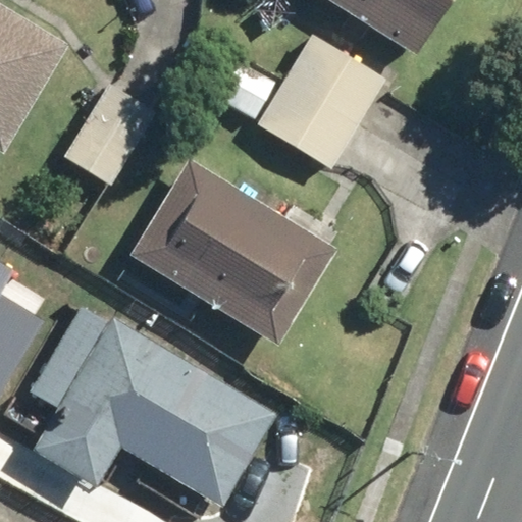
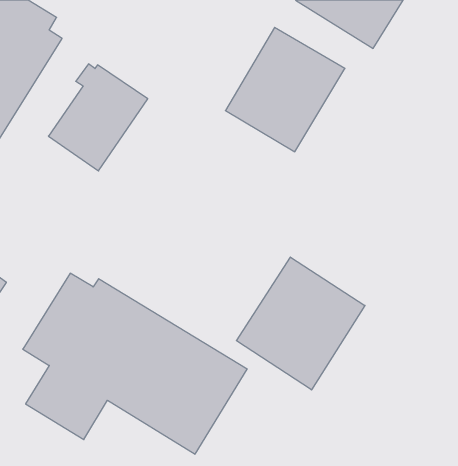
building: [128,157,340,348] -> none
building: none -> [236,257,365,390]

